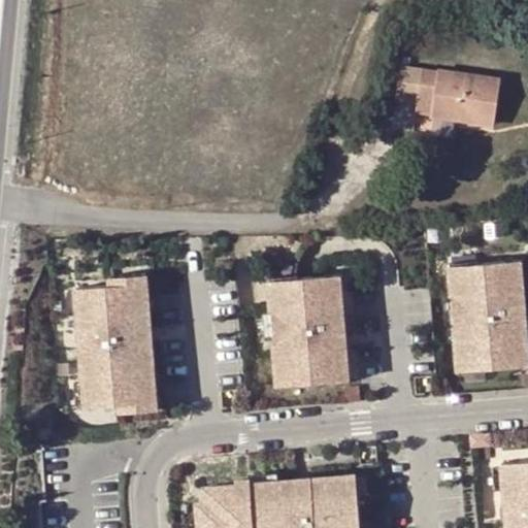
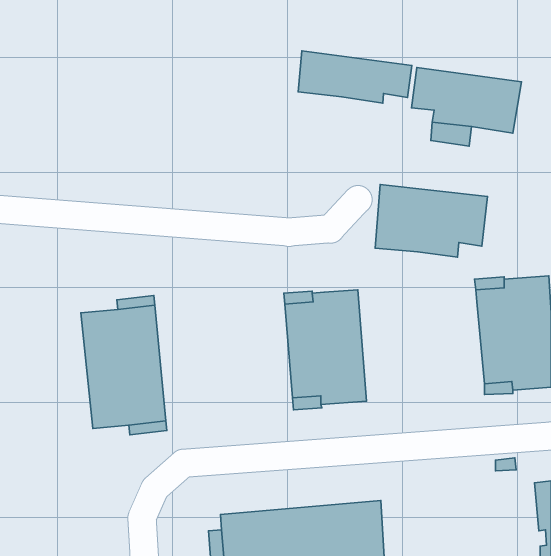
building: none -> [298,51,412,103]
building: none -> [375,184,487,257]

